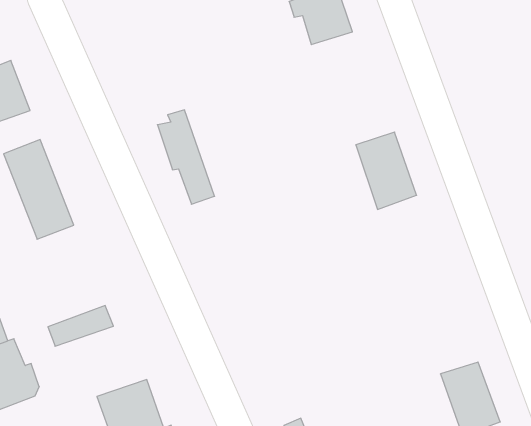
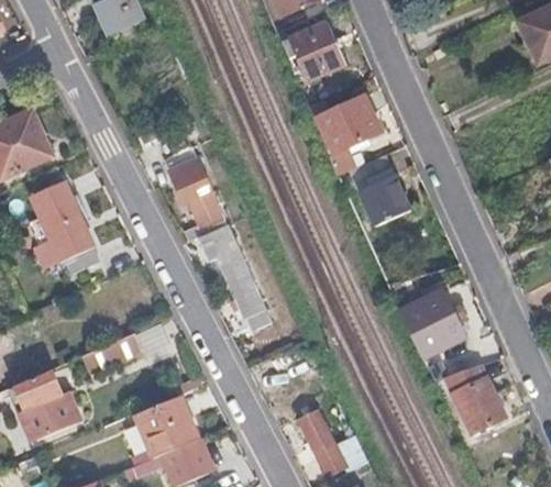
building: none -> [319,97,377,150]
building: none -> [199,224,269,328]
building: none -> [403,289,465,353]

